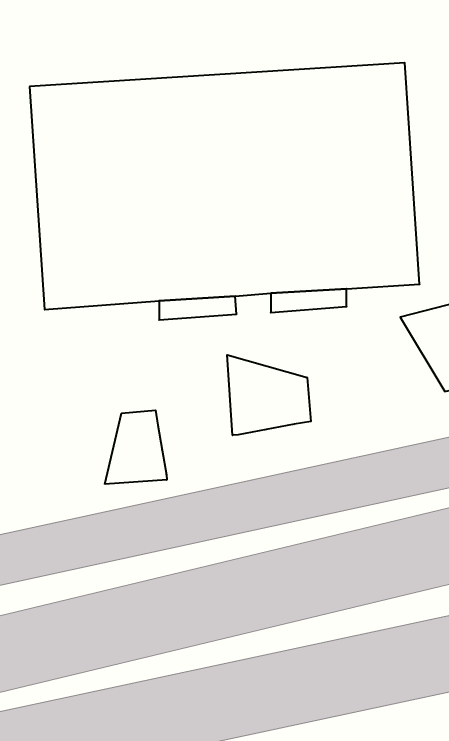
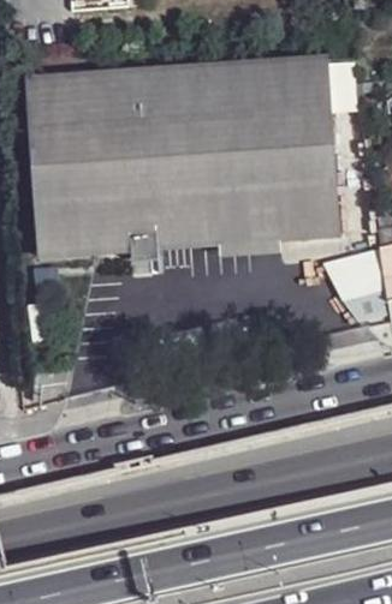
building: [227,355,311,435] -> none
building: [105,410,167,484] -> none

